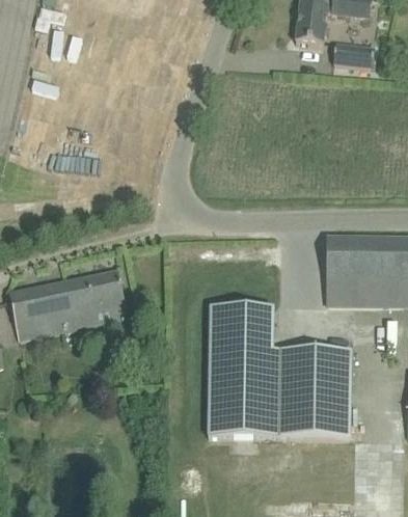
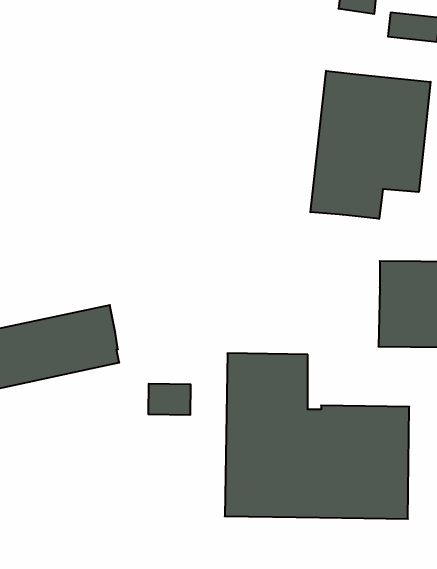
building: none -> [310,71,431,219]
building: none -> [148,384,191,415]

